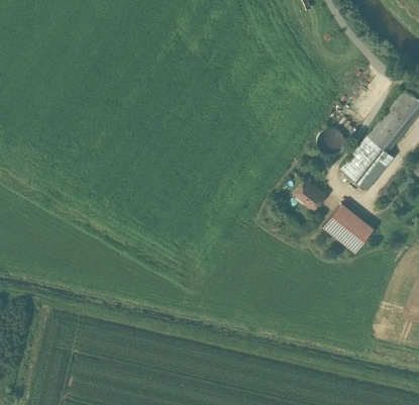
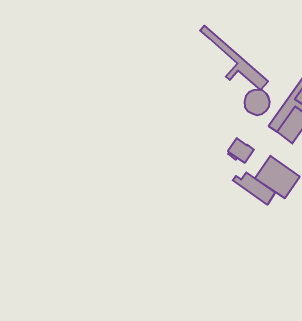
building: none -> [200,26,268,90]
building: none -> [233,172,275,205]

